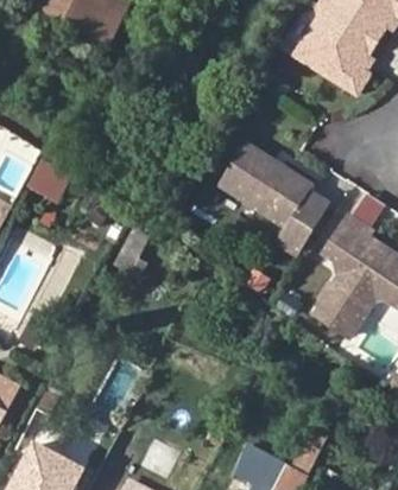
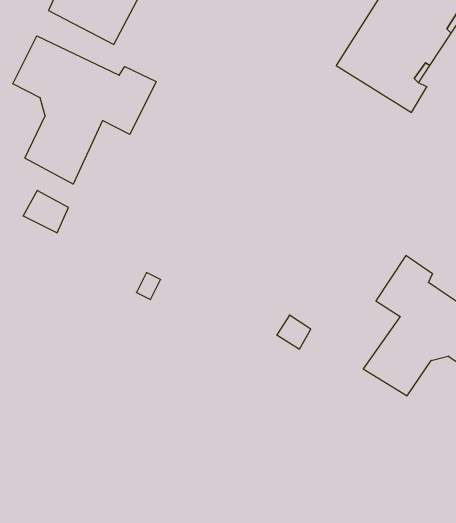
building: none -> [13,36,156,184]
building: [219,140,327,254] -> none

